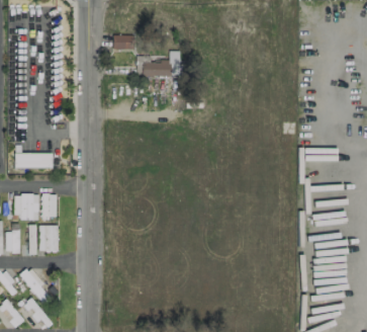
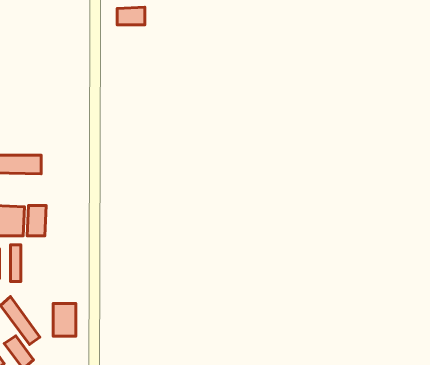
building: [137,52,180,77] -> none
building: [39,226,58,252] -> [53,303,76,336]

